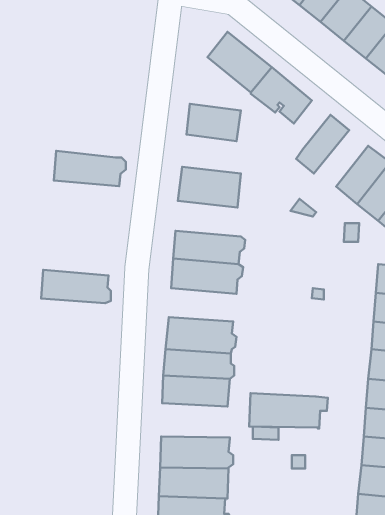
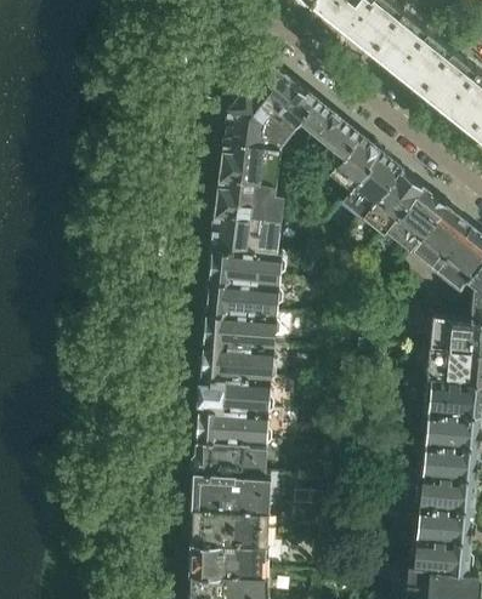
building: none -> [223,90,290,148]
building: none -> [328,137,378,190]
building: none -> [359,170,419,235]
building: none -> [215,175,283,217]
building: [54,151,126,186] -> [208,247,287,286]
building: [41,270,111,303] -> [200,343,277,380]
building: [249,393,328,429] -> [192,469,278,508]

